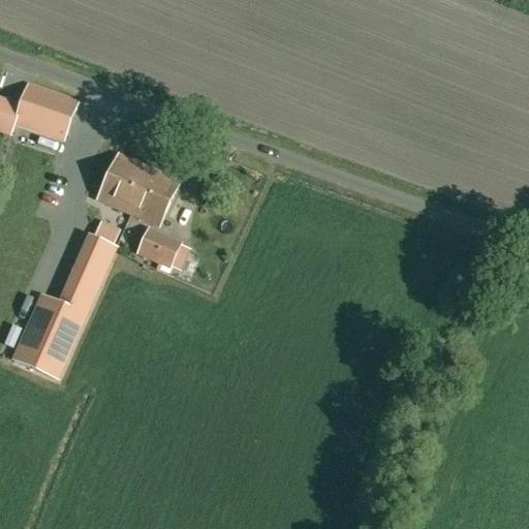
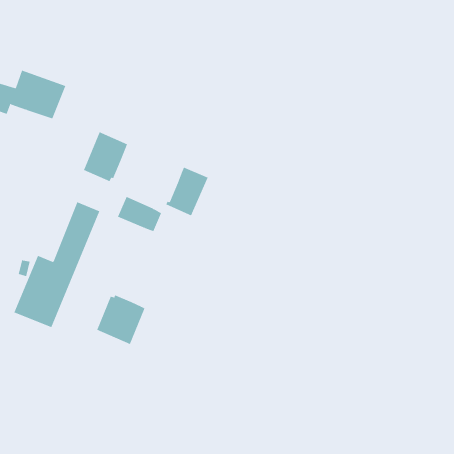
building: [127,166,177,223] -> [166,167,208,216]
building: none -> [96,295,145,345]

